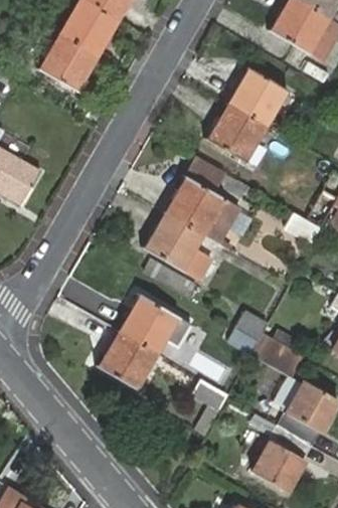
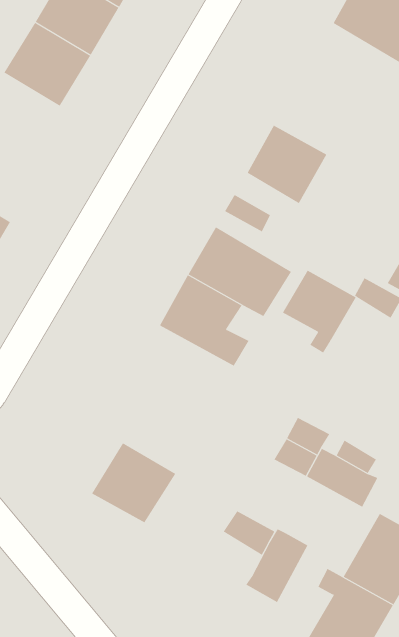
building: [227,70,286,126] -> none
building: none -> [282,270,356,353]
building: [120,297,189,353] -> none
building: none -> [246,529,308,603]

